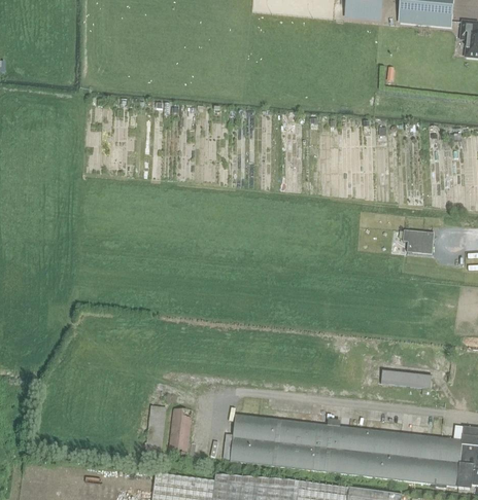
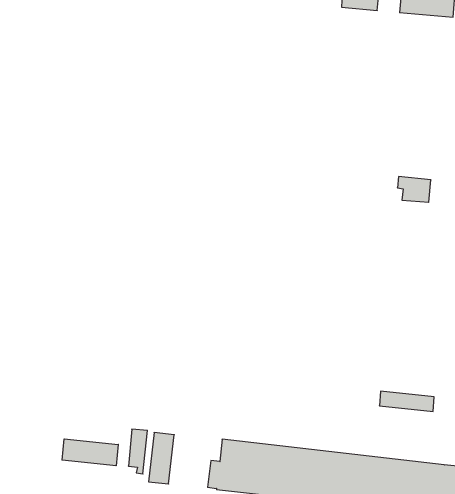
building: [403,229,434,253] -> [397,177,431,202]
building: none -> [62,439,118,466]

